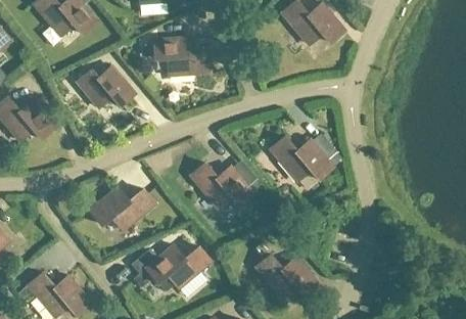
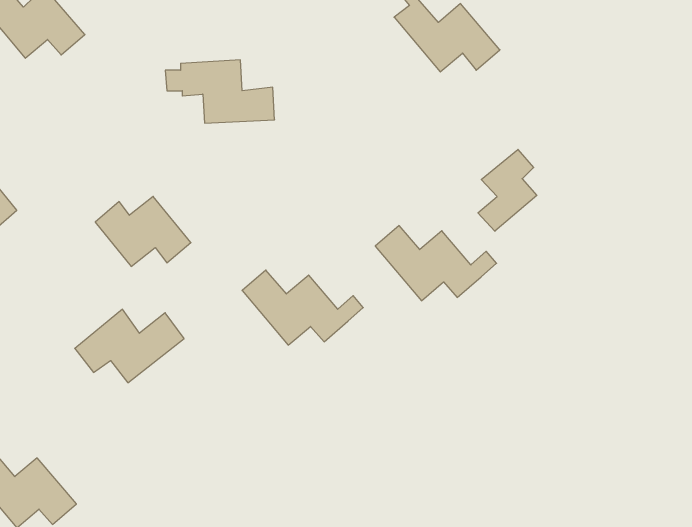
building: [77,65,134,107] -> [95,196,191,266]
building: none -> [478,149,537,231]
building: [139,244,211,288] -> none
building: [255,254,318,299] -> none

